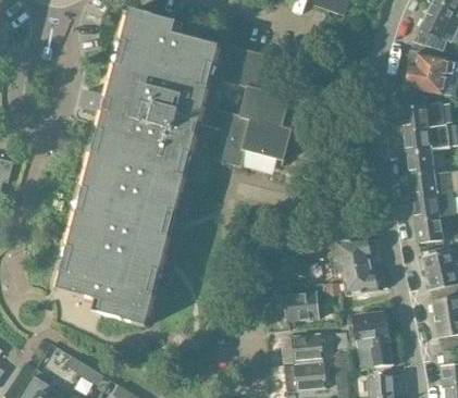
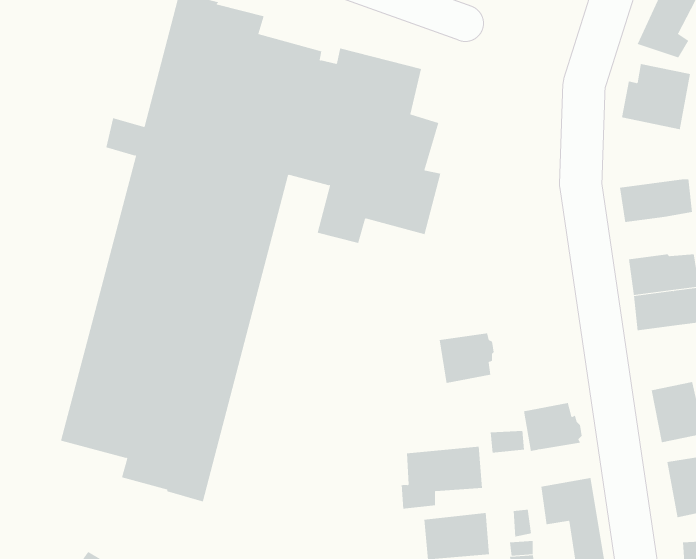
building: [400,97,443,130] -> none
building: [406,149,433,175] -> none
building: [413,216,442,242] -> none
building: [338,238,373,270] -> [439,333,495,383]

